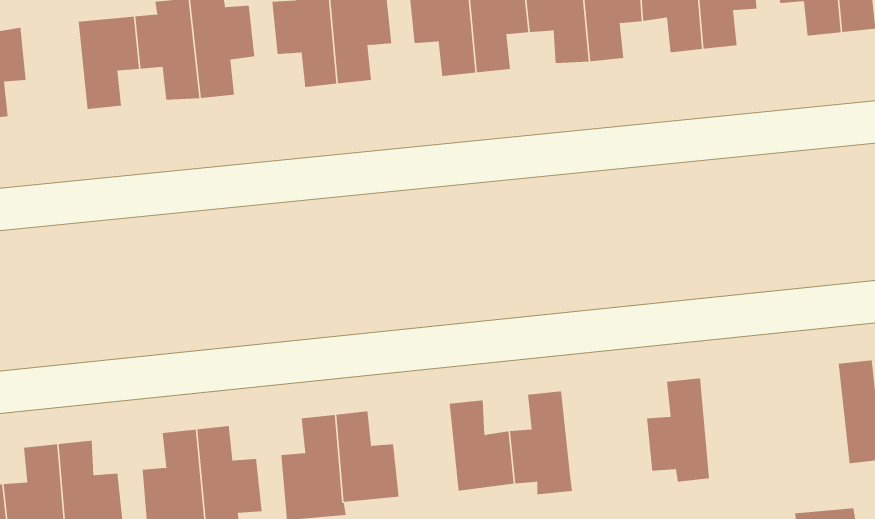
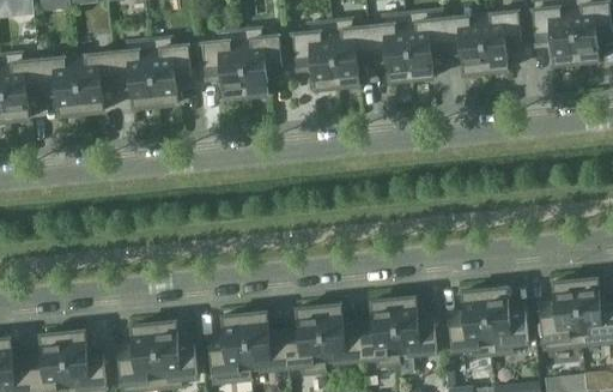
building: none -> [38,55,81,115]
building: none -> [539,279,581,349]
building: none -> [484,287,528,355]
building: none -> [393,295,437,355]
building: none -> [283,306,326,374]

